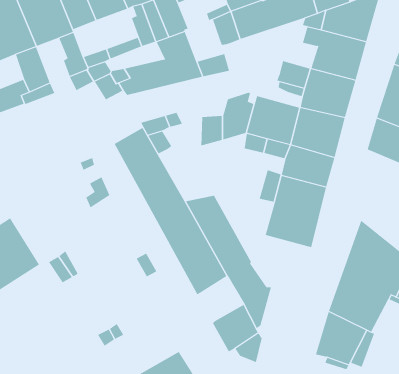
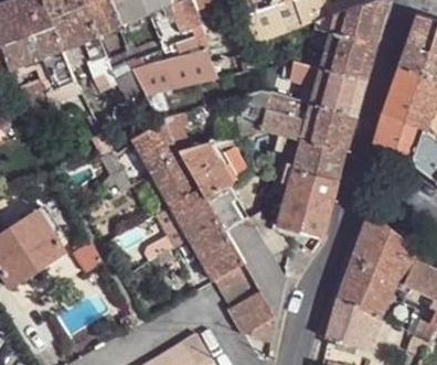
building: none -> [178,144,233,194]
building: none -> [215,265,257,307]

